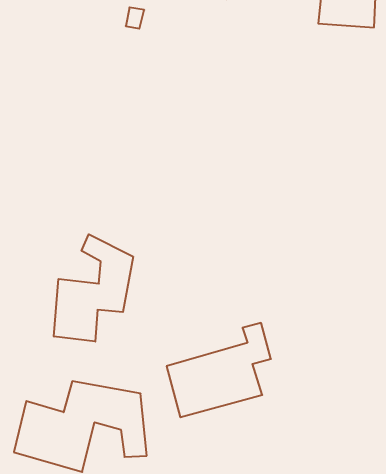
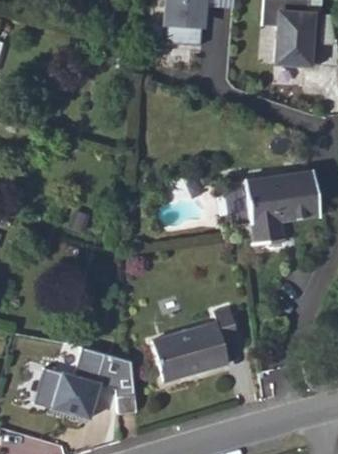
building: none -> [245,169,320,243]
building: [54,234,133,342] -> none

